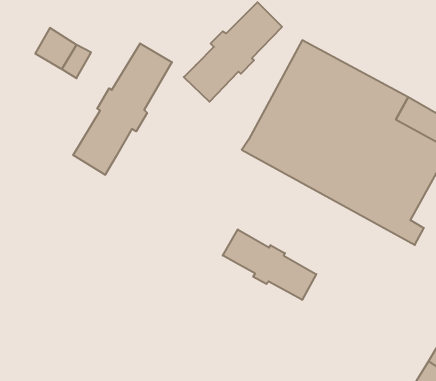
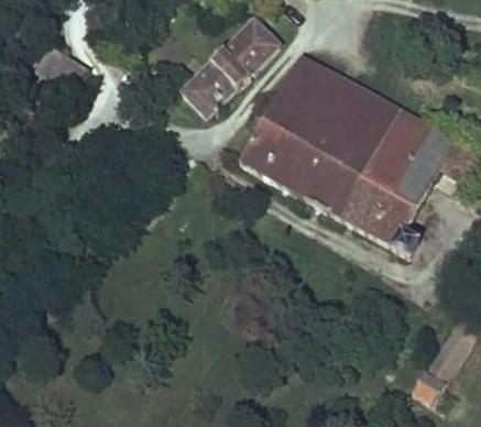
building: [73,43,172,175] -> none
building: [223,229,316,300] -> none

